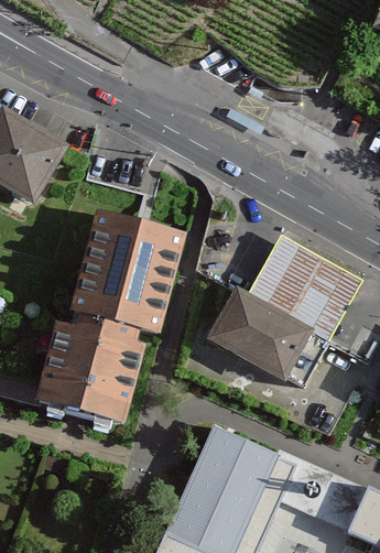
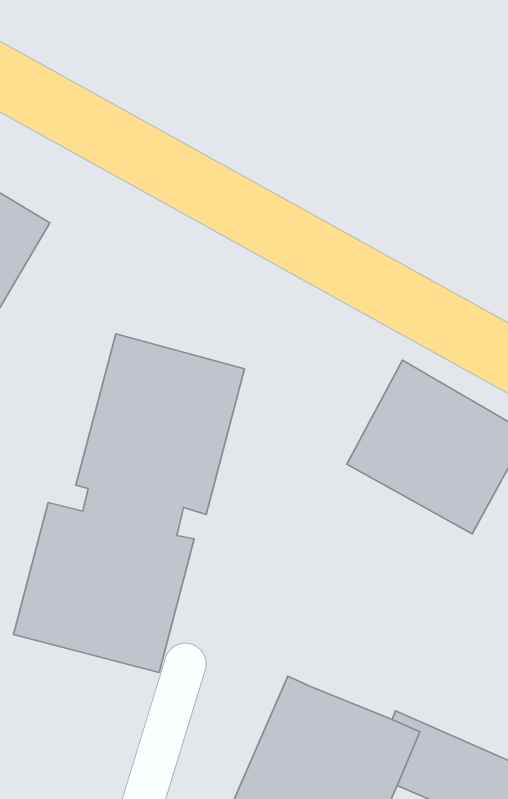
building: [204,288,326,389] -> none

